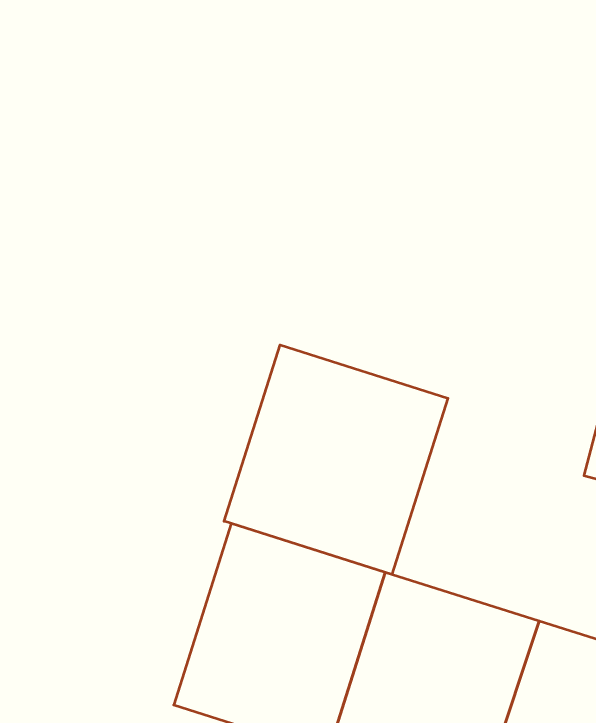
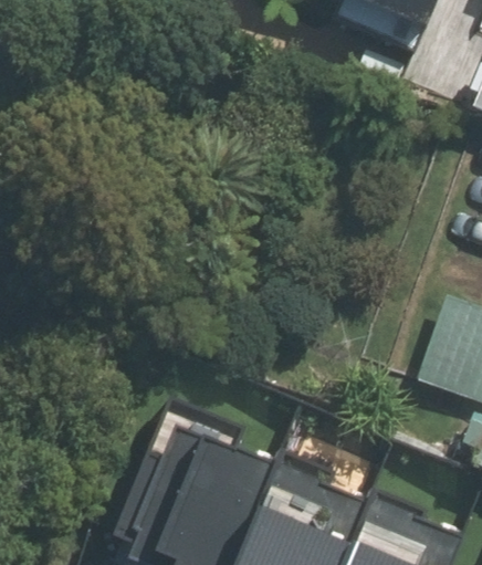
building: [224,345,448,574] -> none

